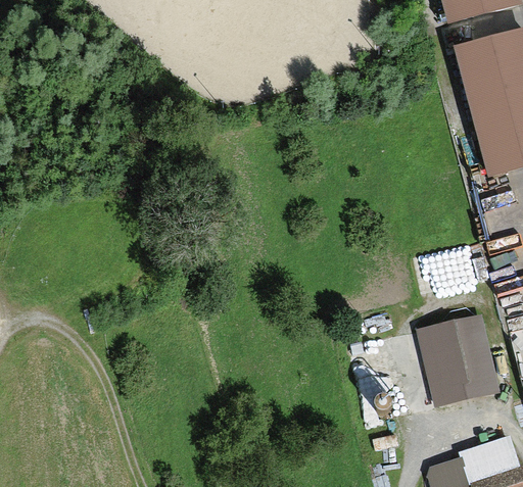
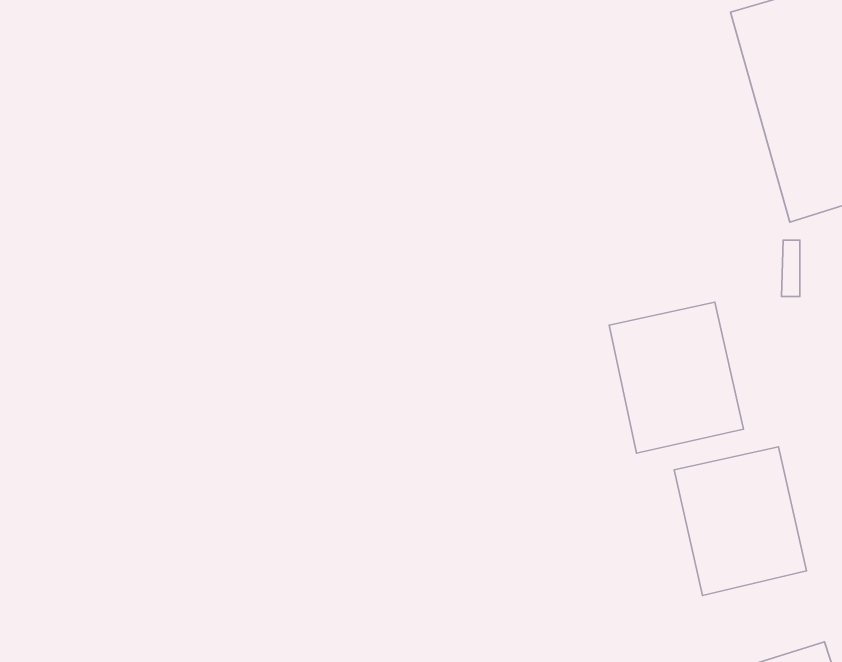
building: none -> [609,302,743,453]

